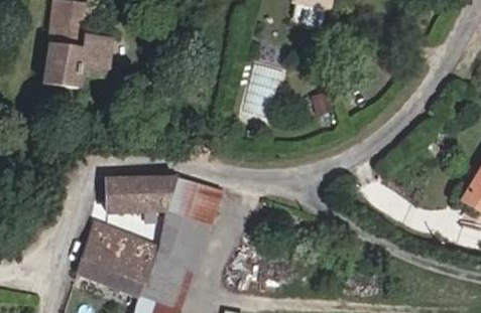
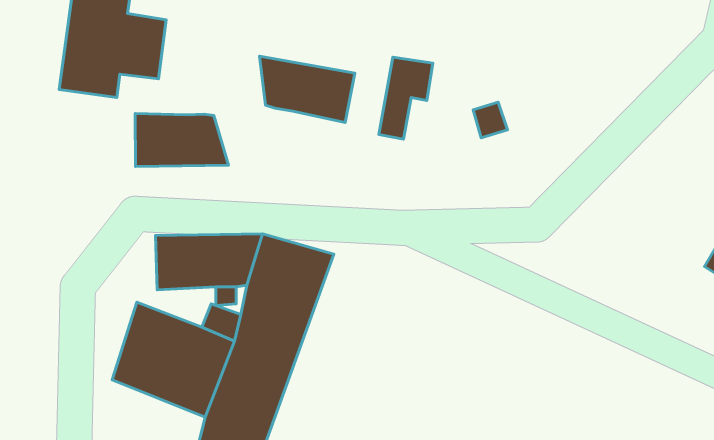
building: none -> [259,56,355,123]
building: none -> [135,113,229,166]

